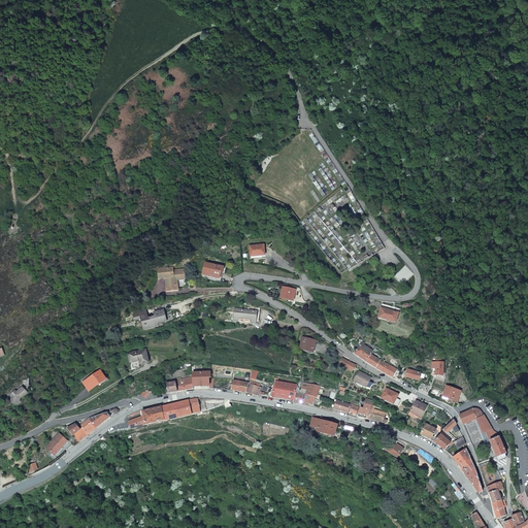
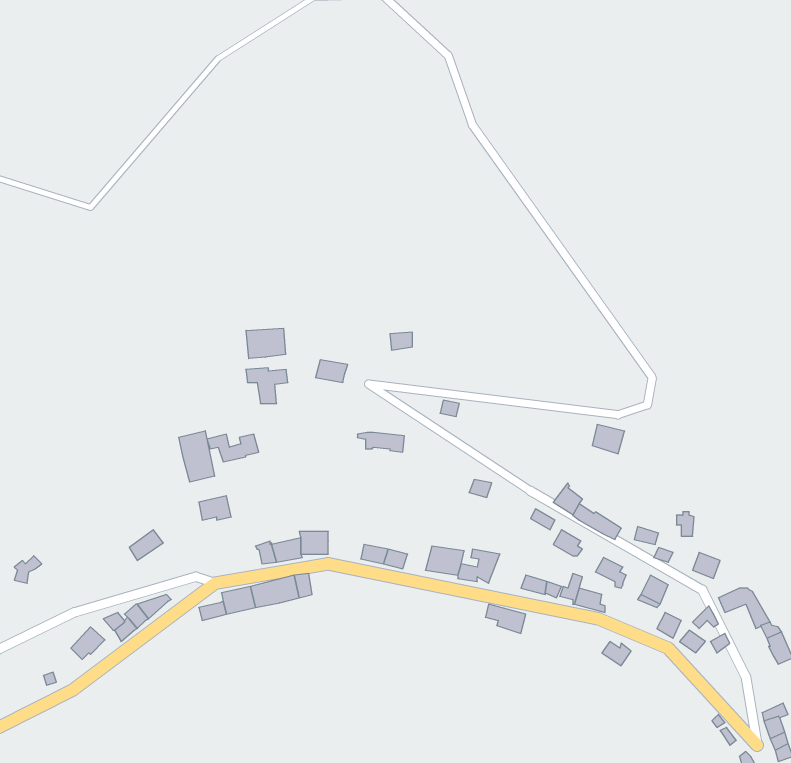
building: none -> [246,328,286,359]
building: none -> [179,431,215,482]
building: [453,448,483,492] -> none

